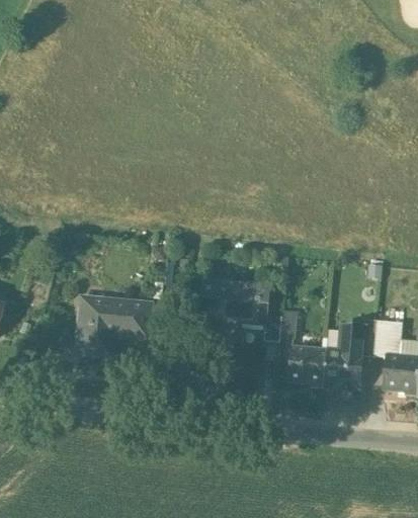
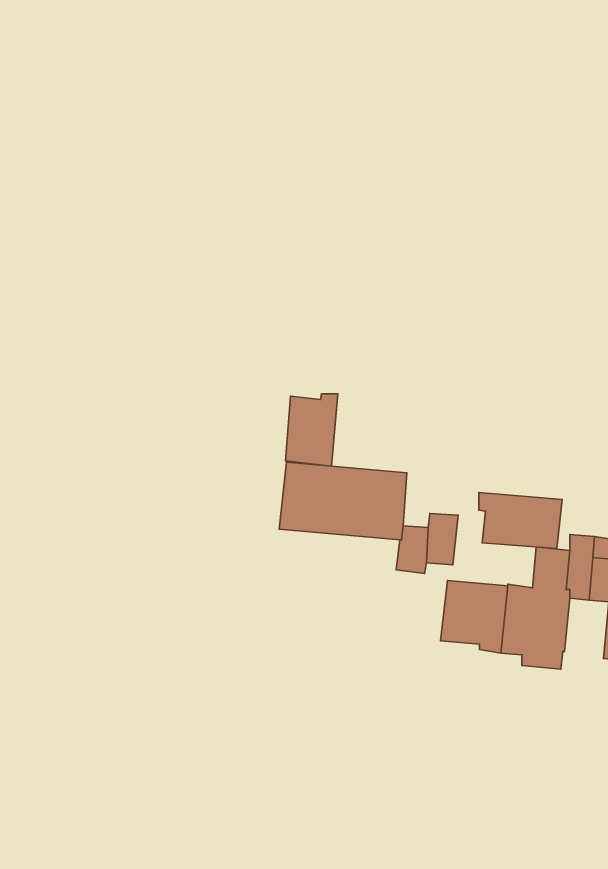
building: none -> [285,394,338,466]
building: none -> [479,493,562,549]
building: [75,298,148,356] -> none

